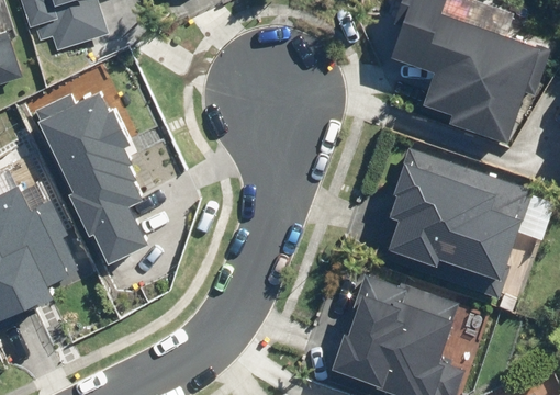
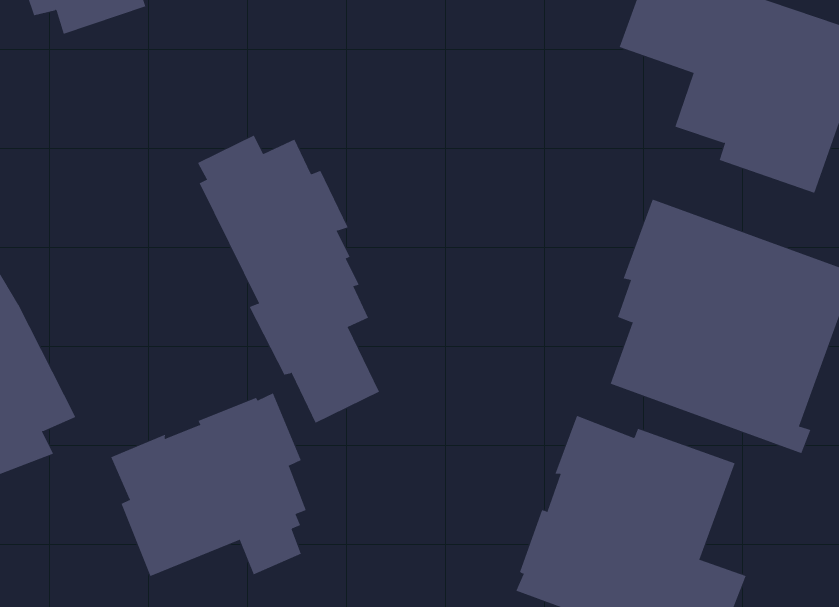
building: [38,92,147,263] -> [197,135,380,423]
building: none -> [111,393,306,577]

